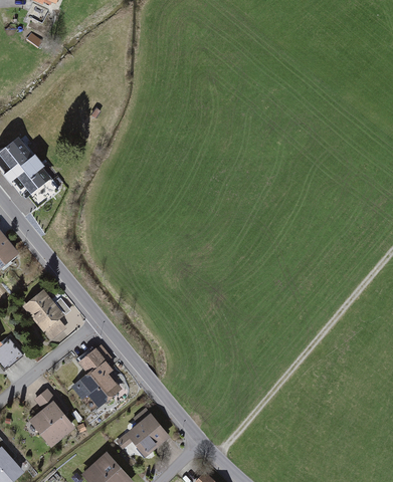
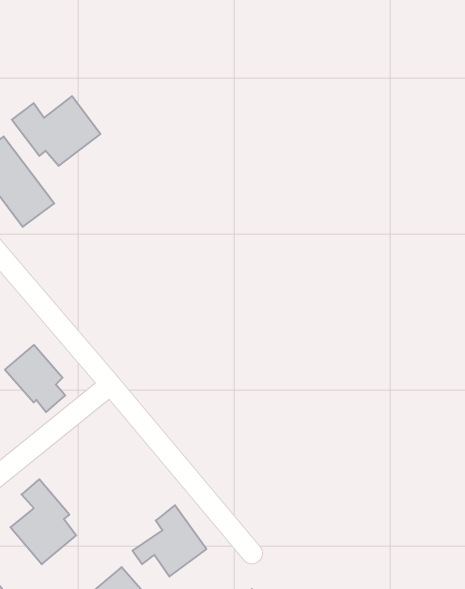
building: none -> [12,96,100,166]
building: [63,350,121,413] -> none

